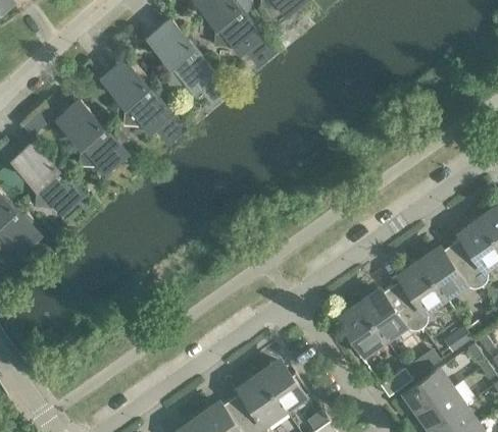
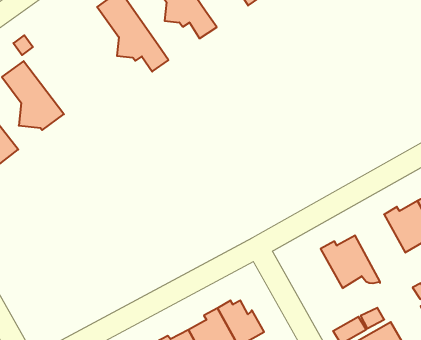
building: [58,101,124,170] -> none
building: [391,261,444,330] -> none
building: [341,303,384,358] -> none

